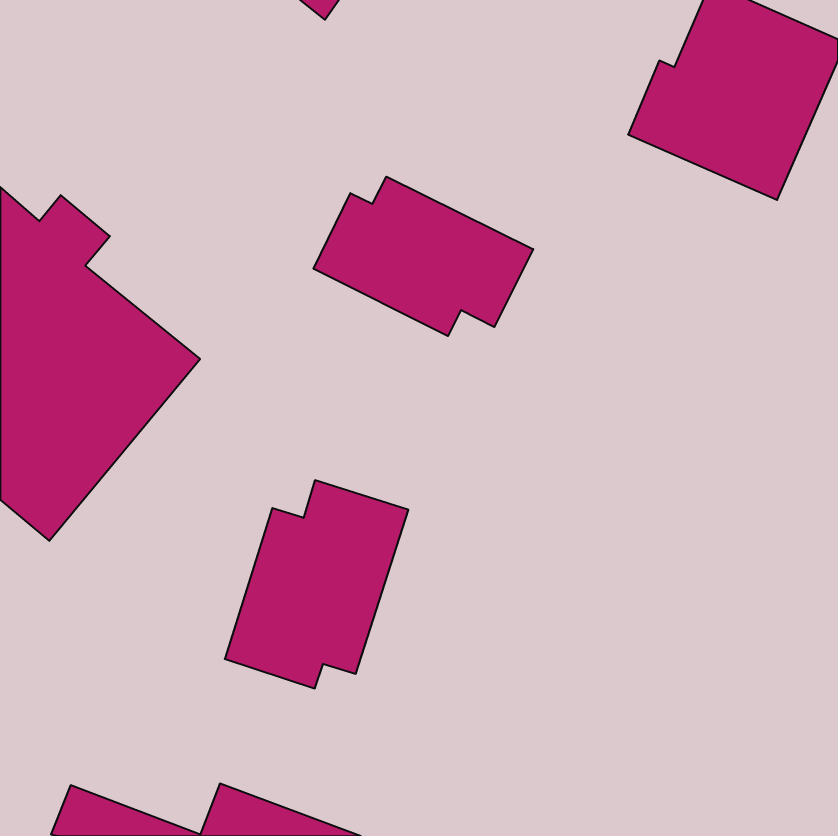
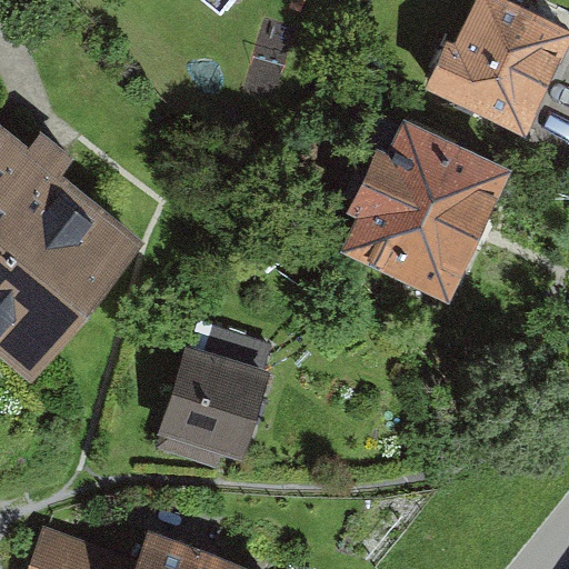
building: [314,177,533,336] -> none
building: none -> [345,123,509,302]

